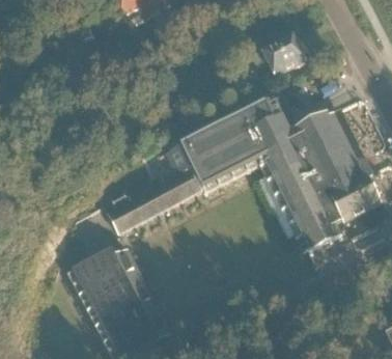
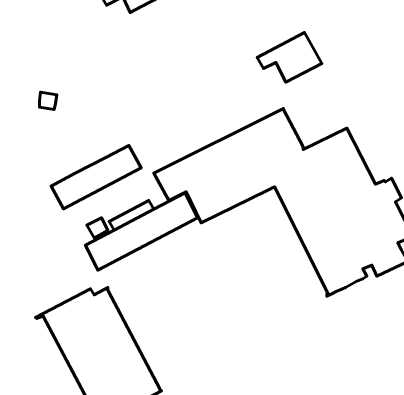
building: none -> [51,145,141,209]

